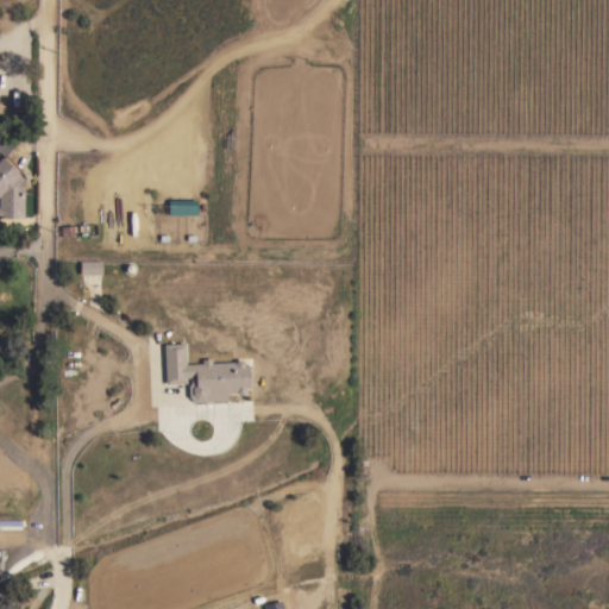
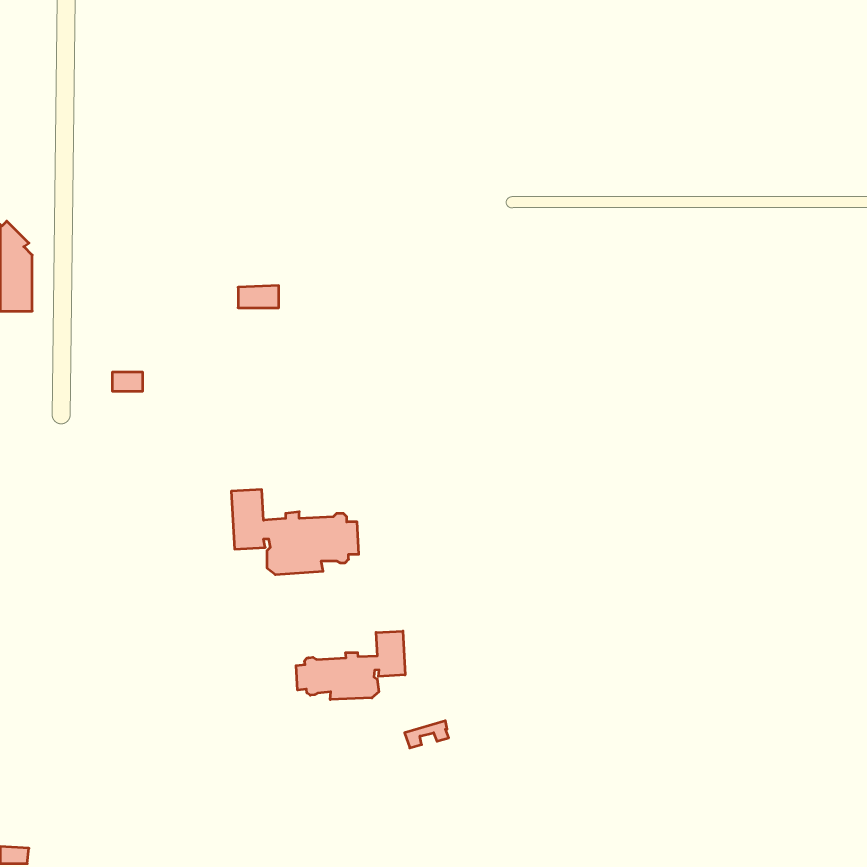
building: none -> [296,631,405,700]

